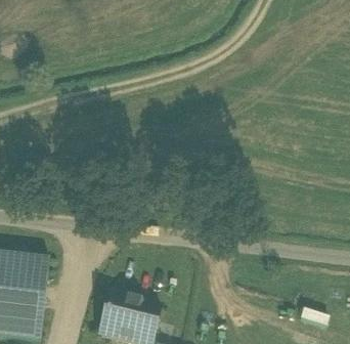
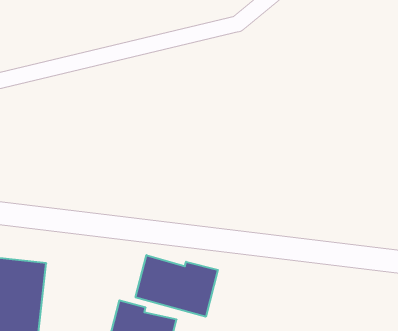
building: none -> [136,255,218,317]

